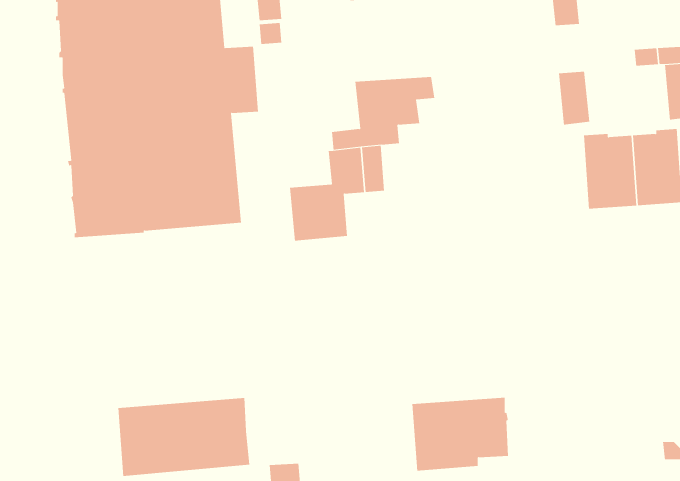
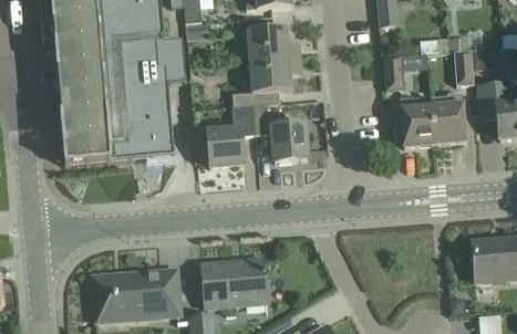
building: none -> [237,17,300,62]
building: none -> [271,123,307,161]
building: [411,397,509,471] -> [201,259,266,307]

